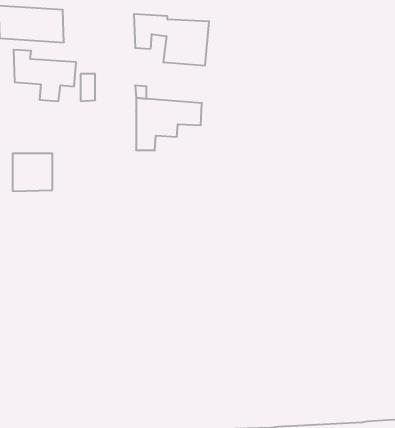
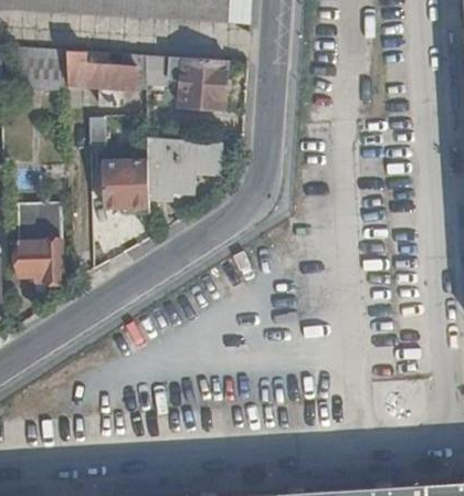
building: [13,50,76,101] -> [68,53,135,107]
building: none -> [102,160,146,209]
building: none -> [15,243,60,283]

